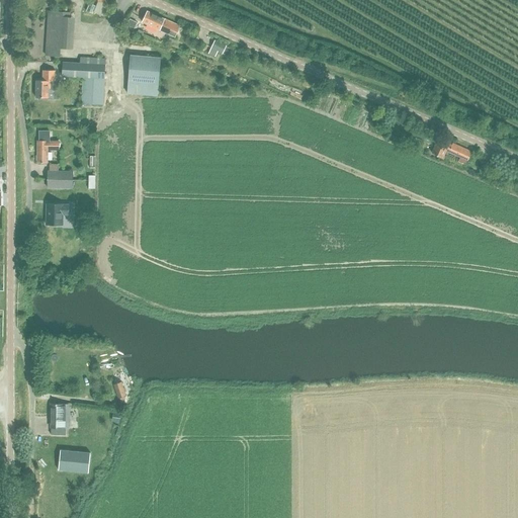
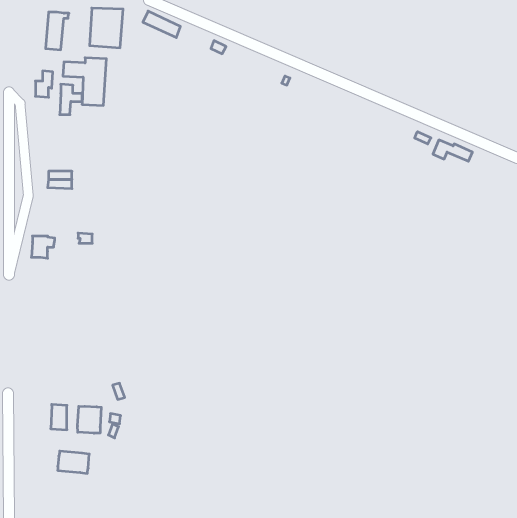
building: [128,57,162,96] -> [90,8,123,48]
building: [36,133,59,163] -> [60,84,82,115]
building: [46,203,69,226] -> [31,236,55,258]
building: none -> [78,406,101,433]

